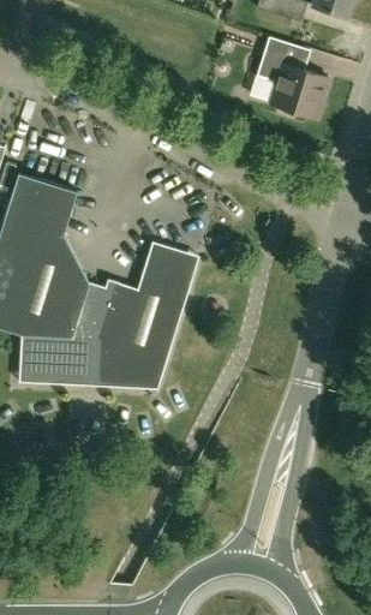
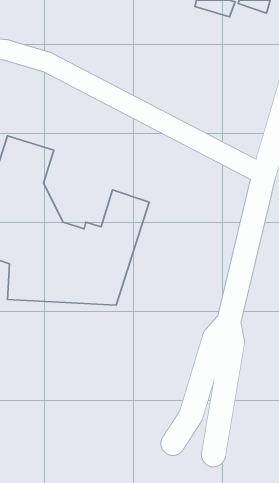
building: [257,37,329,119] -> none

